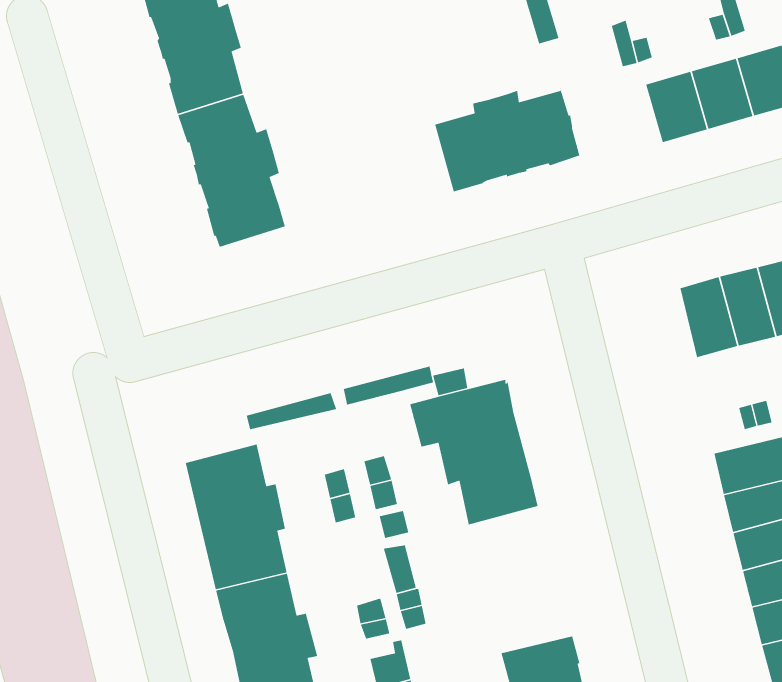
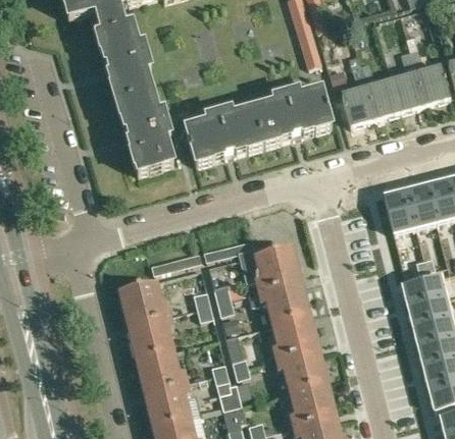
building: none -> [341,85,374,123]
building: none -> [184,106,262,161]
building: none -> [270,311,326,389]

